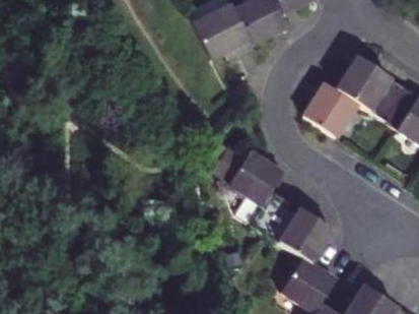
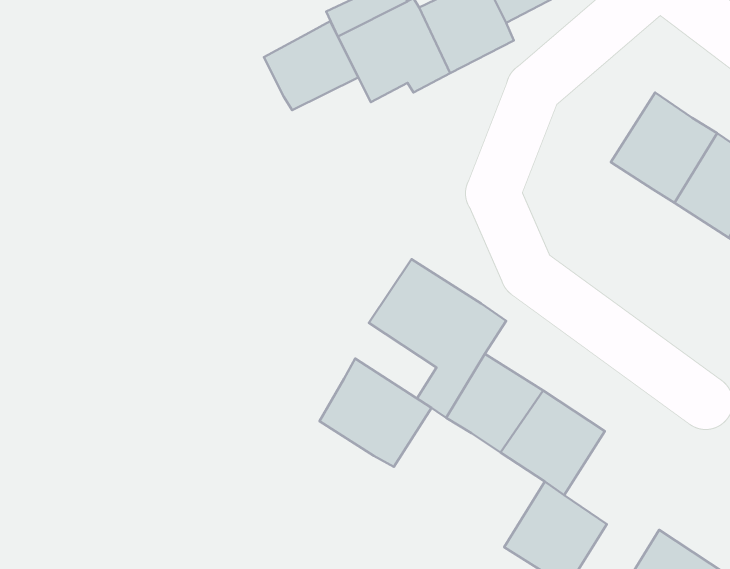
building: none -> [264,21,358,110]
building: [306,83,360,138] -> none
building: none -> [320,359,431,467]

